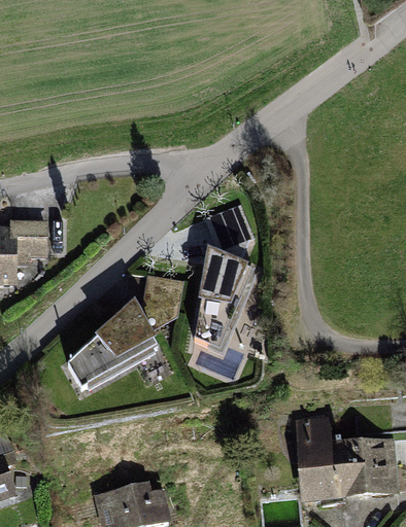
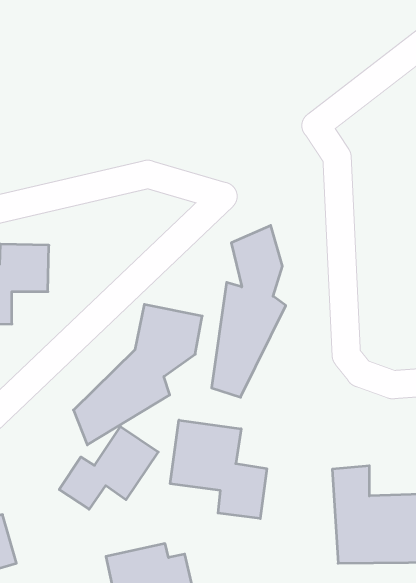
building: none -> [170,420,267,519]
building: none -> [59,427,158,509]

